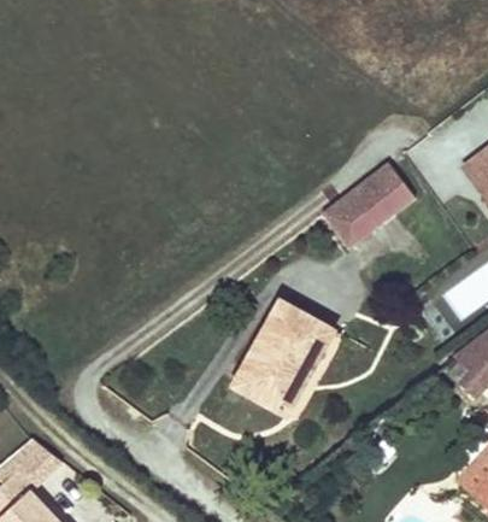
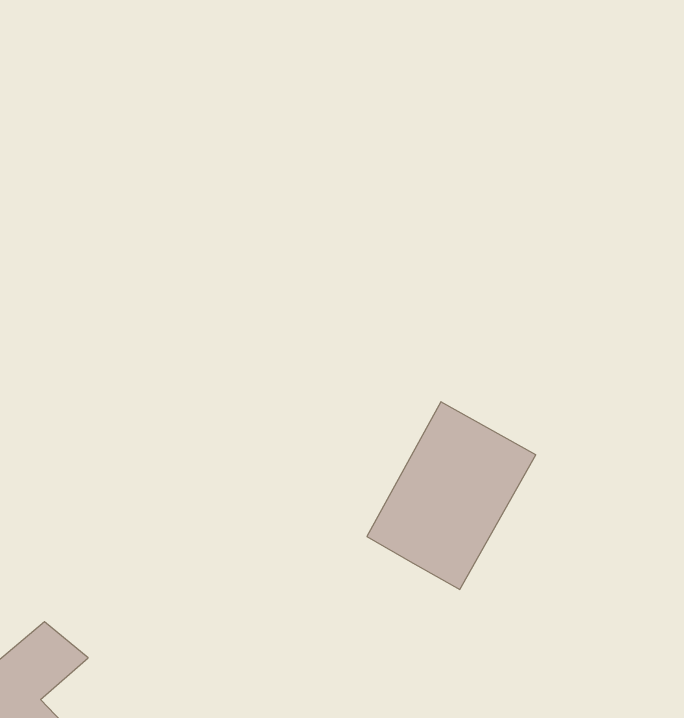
building: [321,159,411,244] -> none

